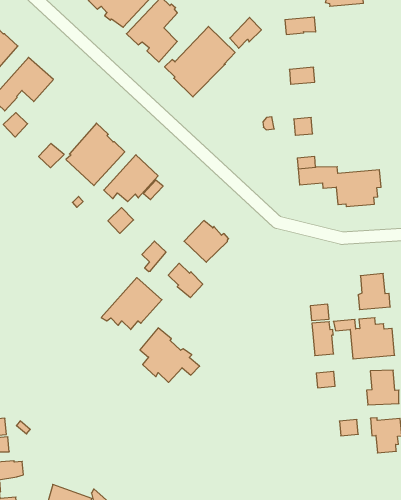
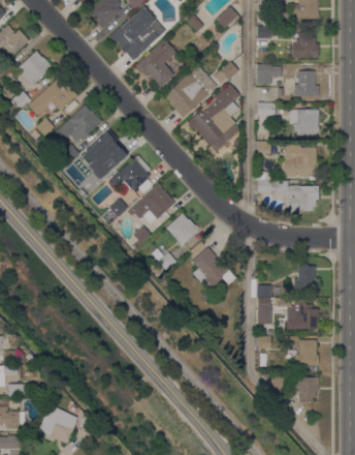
building: none -> [295,70,319,96]
building: none -> [188,84,240,156]
building: none -> [289,110,320,134]
building: none -> [56,105,102,142]
building: none -> [284,144,319,177]
building: [101,278,162,330] -> [128,184,175,223]
building: [140,328,200,382] -> [192,246,236,289]

